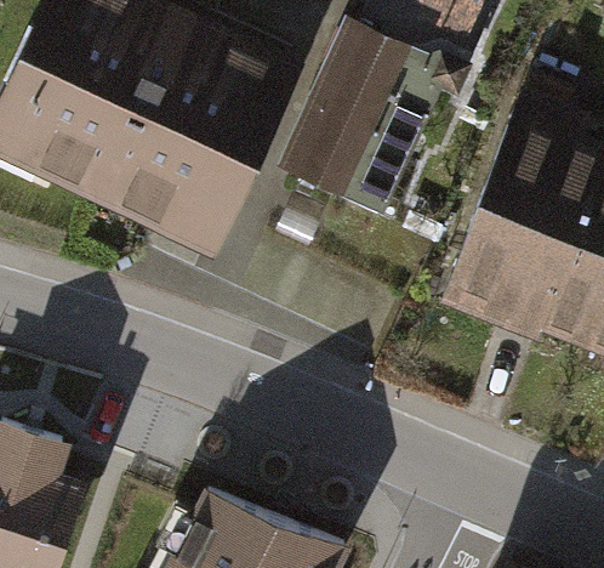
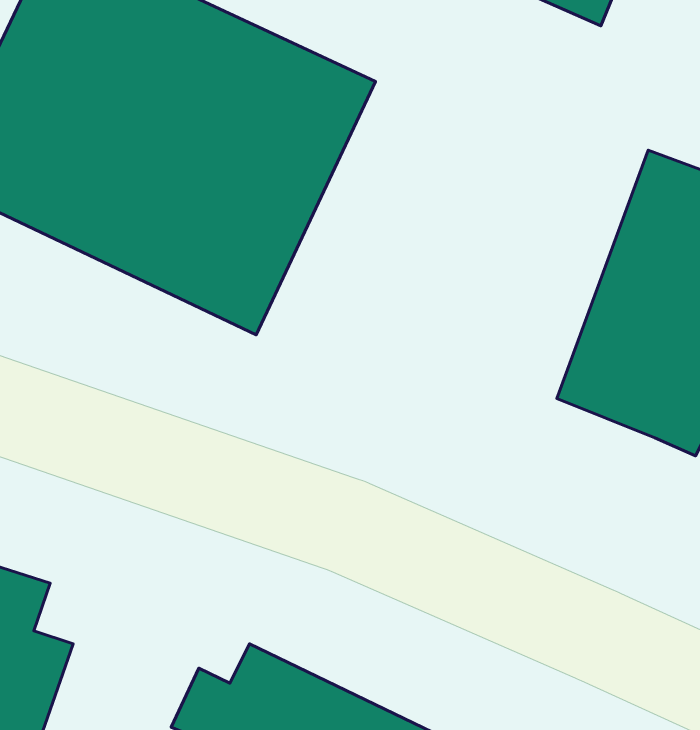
building: [279,11,474,216] -> none

